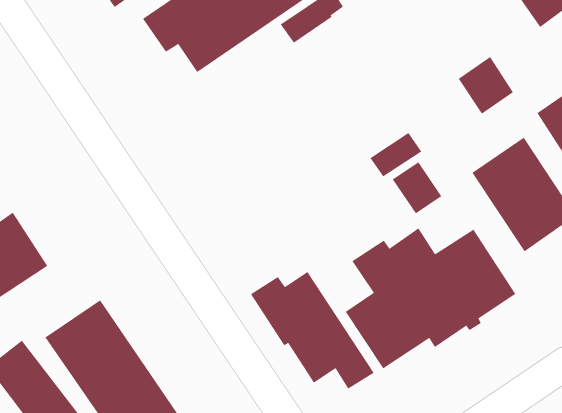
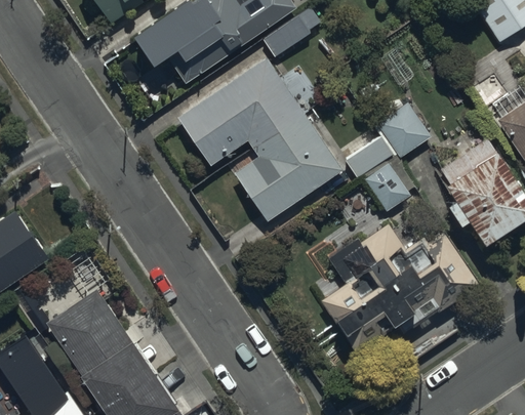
building: none -> [177,57,342,220]
building: [458,56,514,115] -> [378,102,430,156]
building: [250,271,374,390] -> none

